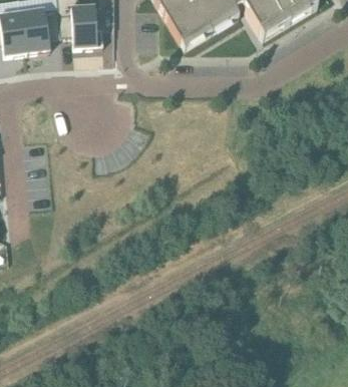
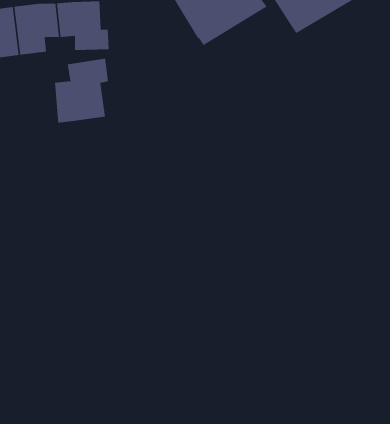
building: none -> [54,58,108,123]

